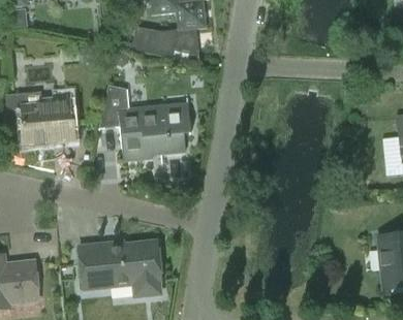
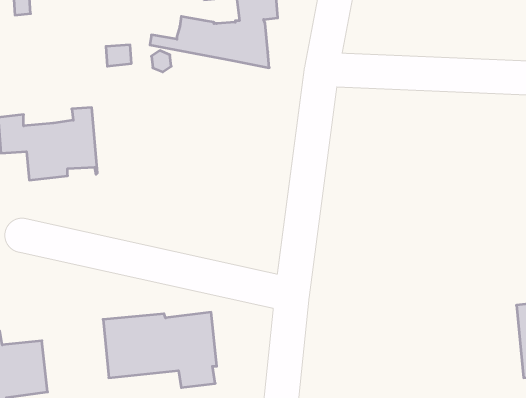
building: [99,85,190,160] -> none

